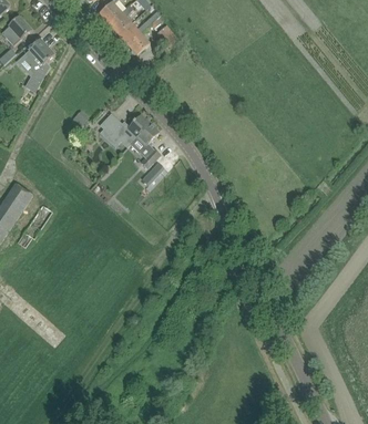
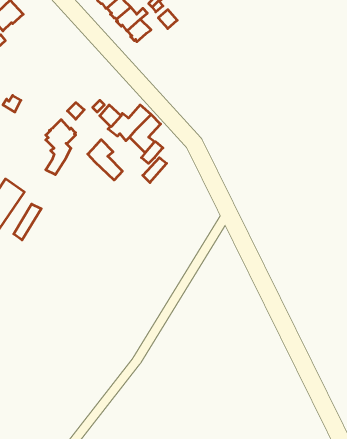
building: [25,39,53,90] -> [46,120,76,175]
building: none -> [88,140,122,180]

